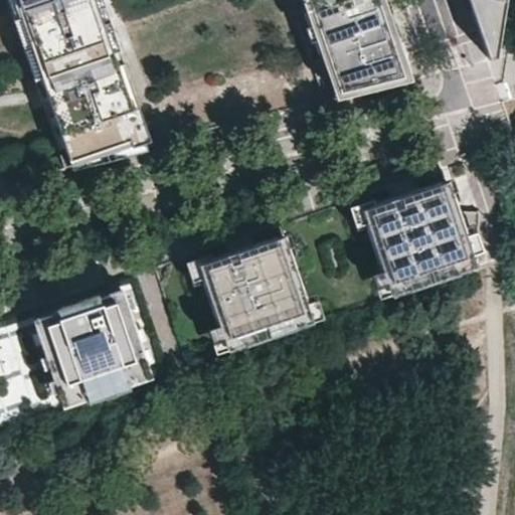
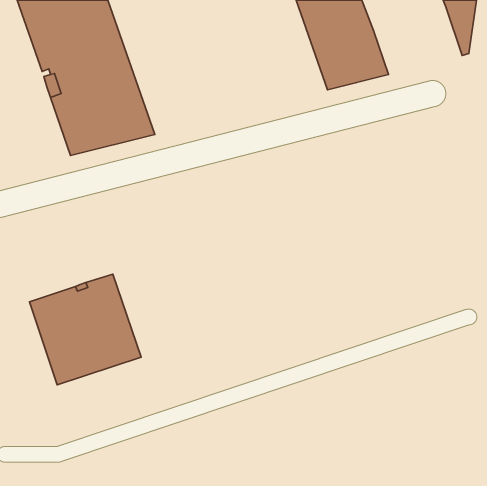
building: [360,182,478,297] -> none
building: [196,237,310,352] -> none

